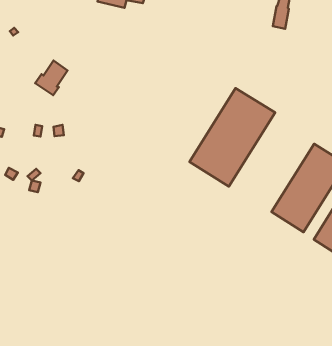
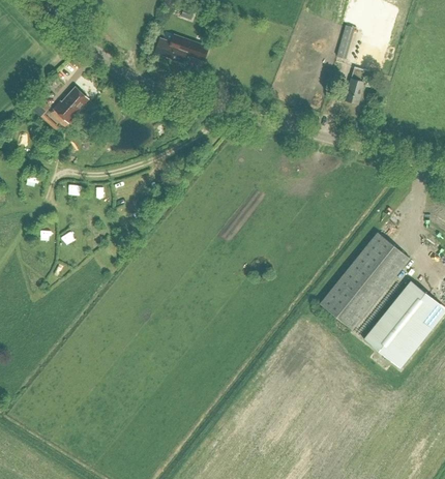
building: [35,61,67,95] -> [51,86,88,124]
building: [189,88,275,186] -> none

